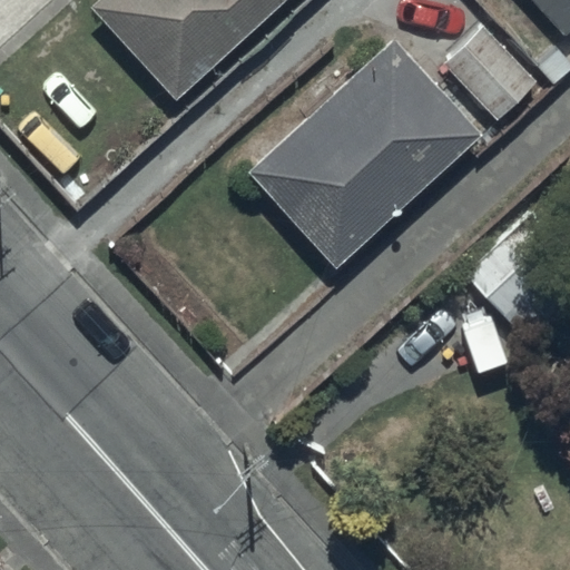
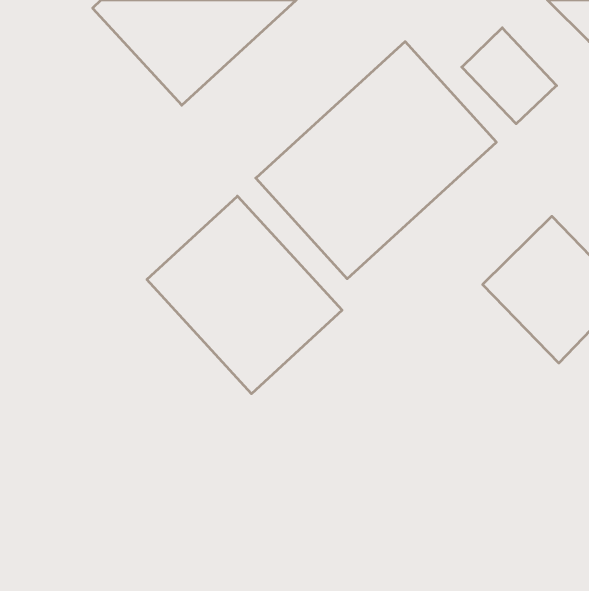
building: none -> [147,196,342,394]

